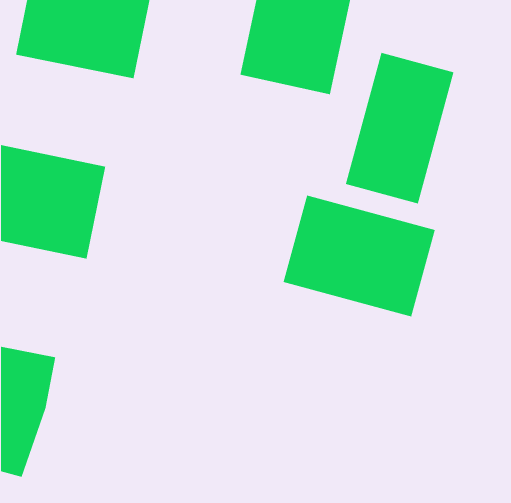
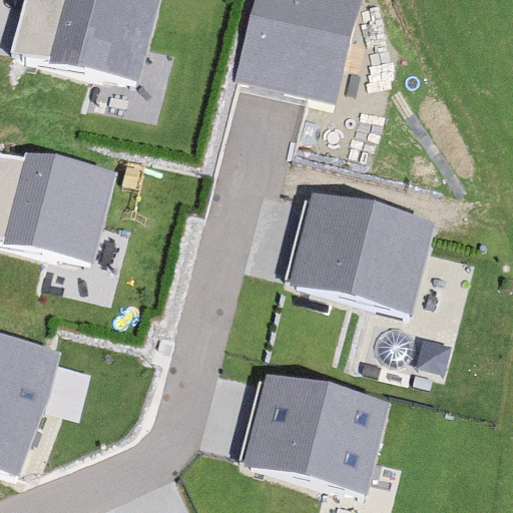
building: [345,52,455,204] -> none
building: none -> [242,373,383,486]

